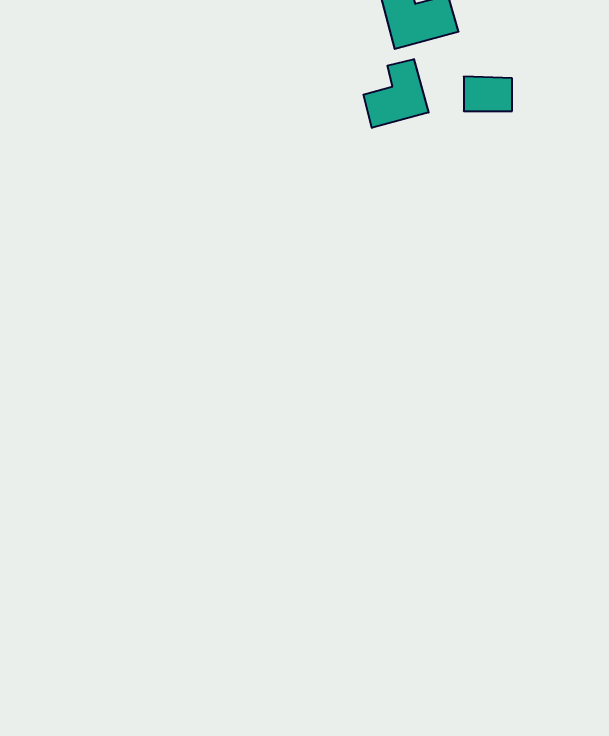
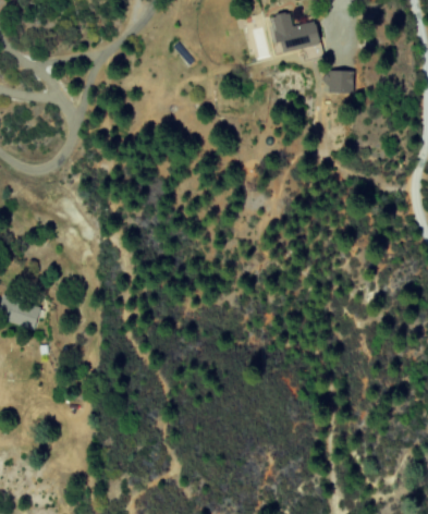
building: [363,59,429,128] -> none

